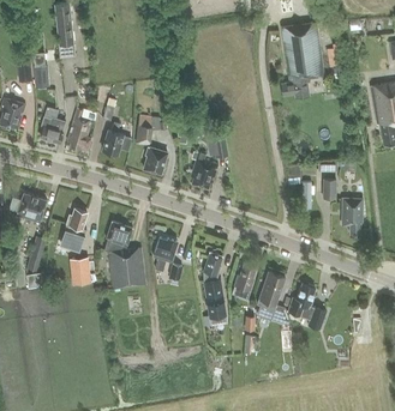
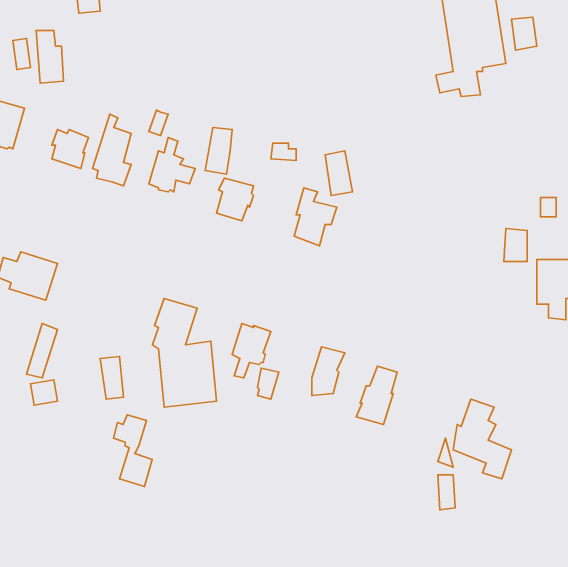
building: [66,208,90,253] -> [114,415,152,487]
building: [257,271,285,318] -> none
building: [203,278,227,325] -> none

